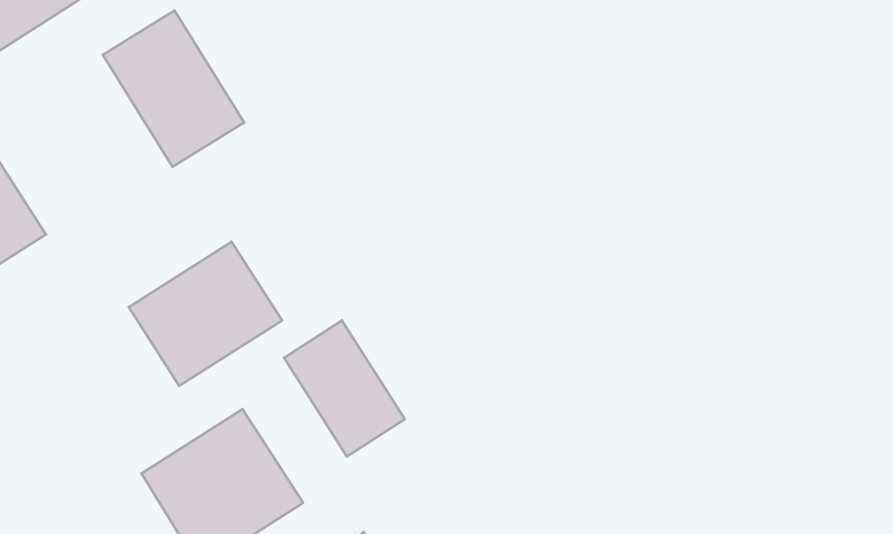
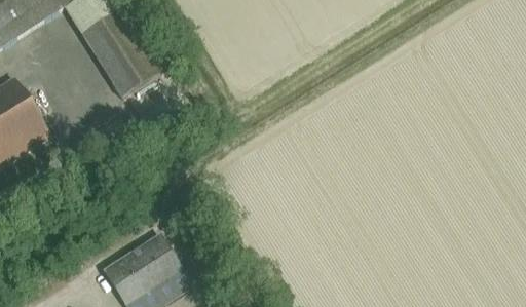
building: [129,242,282,386] -> none
building: [284,320,405,456] -> none

